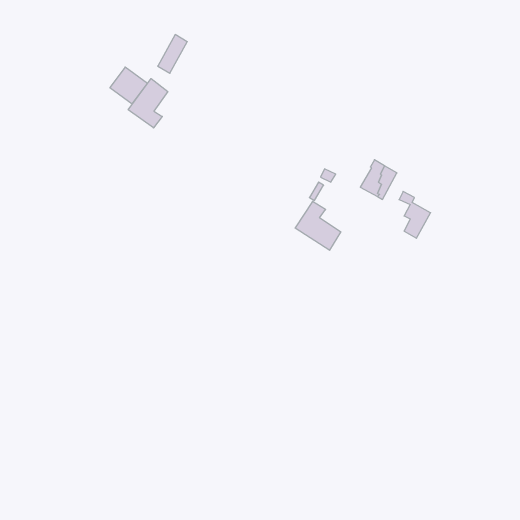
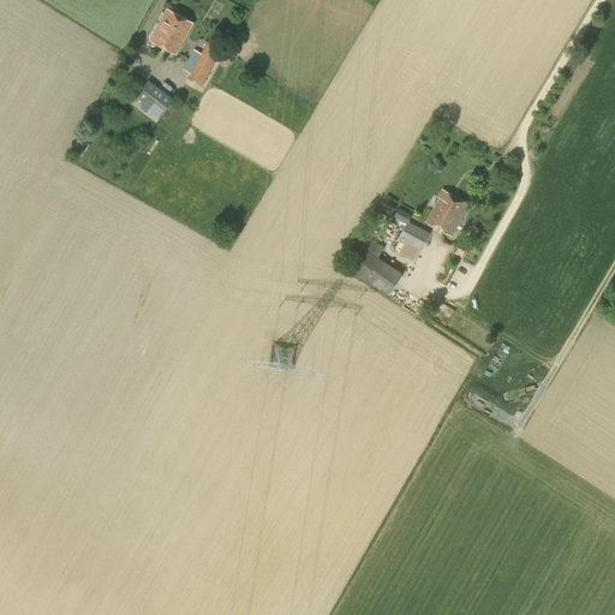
building: none -> [150,8,192,54]
building: [128,79,168,128] -> none
building: [399,191,431,238] -> [393,208,430,263]

